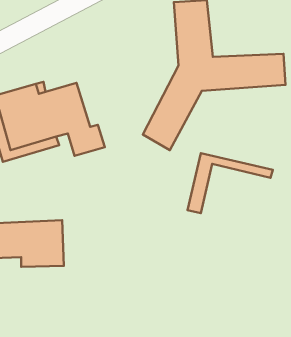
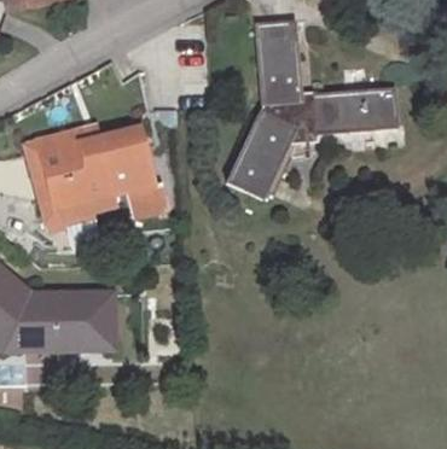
building: [187,153,273,213] -> none

